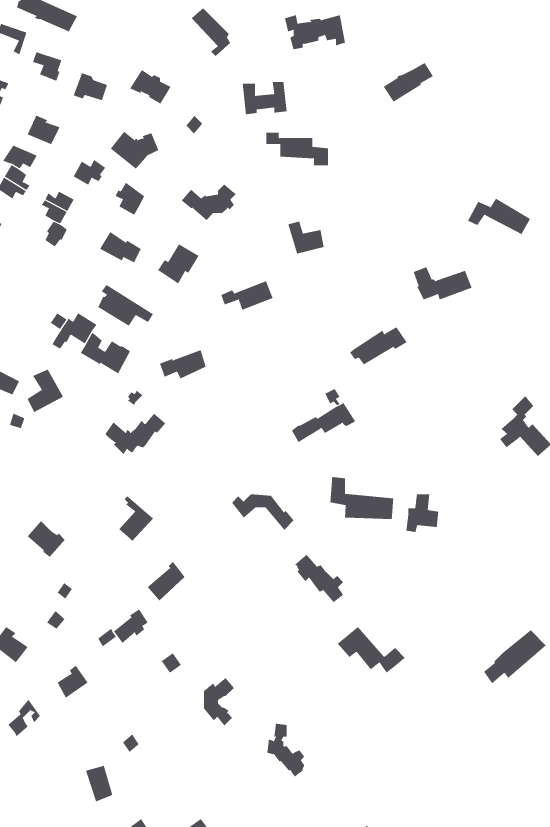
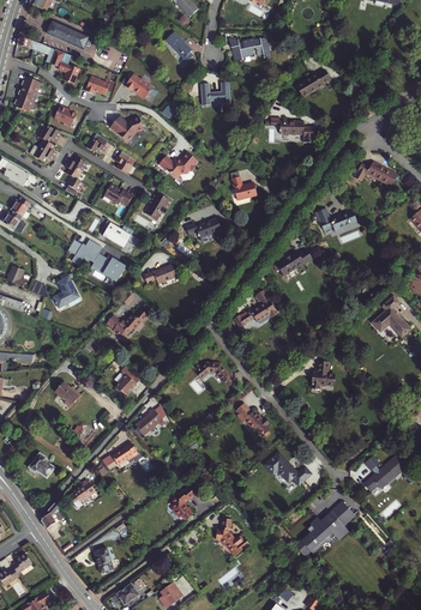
building: [265,132,329,166] -> [271,117,314,140]
building: [330,476,394,520] -> none
building: none -> [293,501,357,560]

